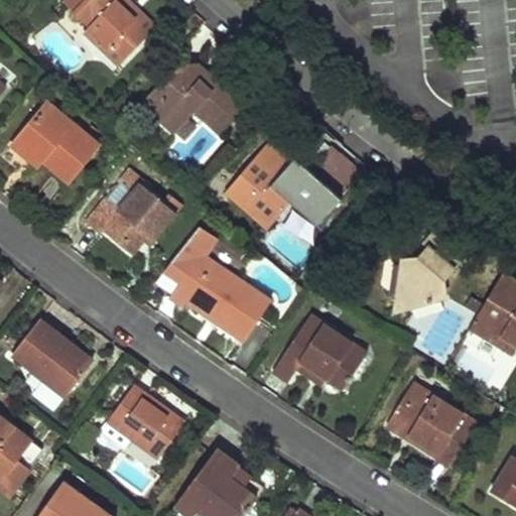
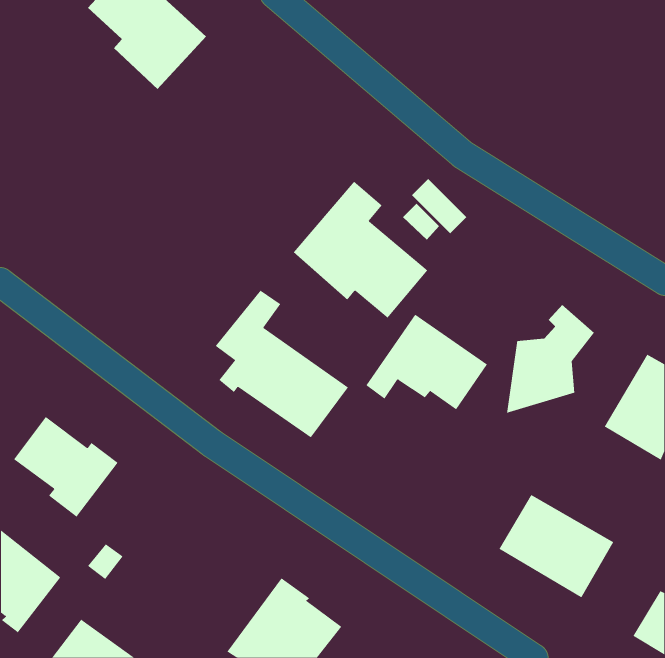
building: [149,68,251,136] -> none
building: [11,101,99,181] -> none
building: [88,168,183,253] -> none
building: [271,315,366,390] -> [365,314,488,410]
building: [107,383,184,456] -> none

